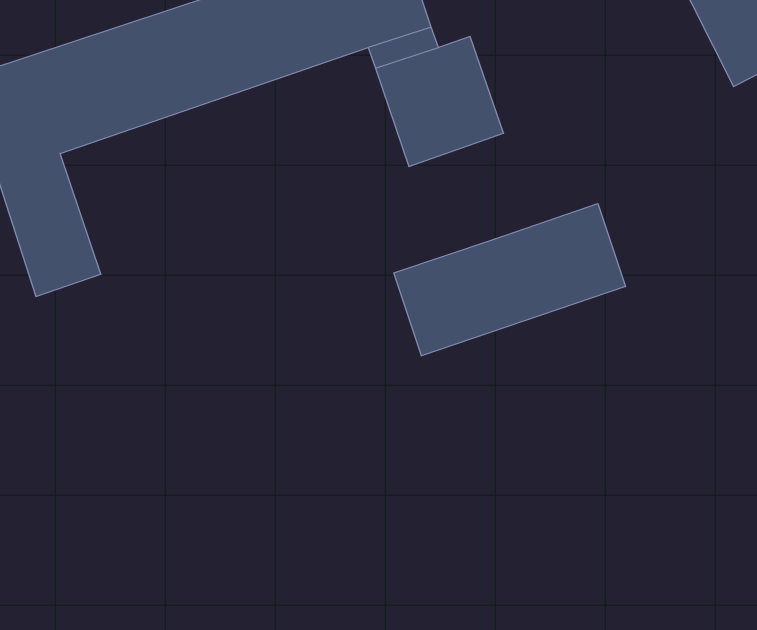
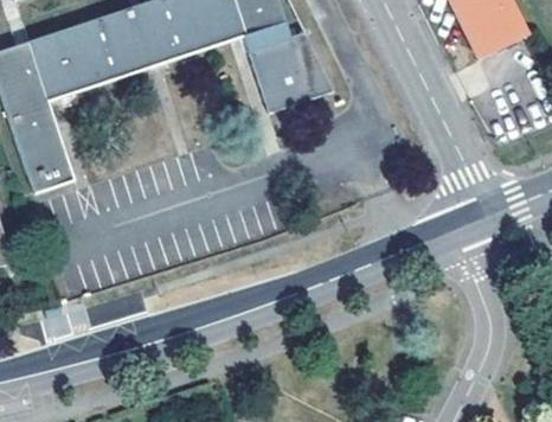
building: [394,204,625,356] -> none

